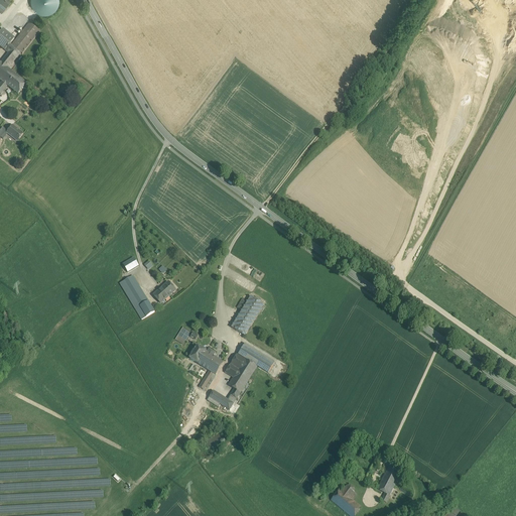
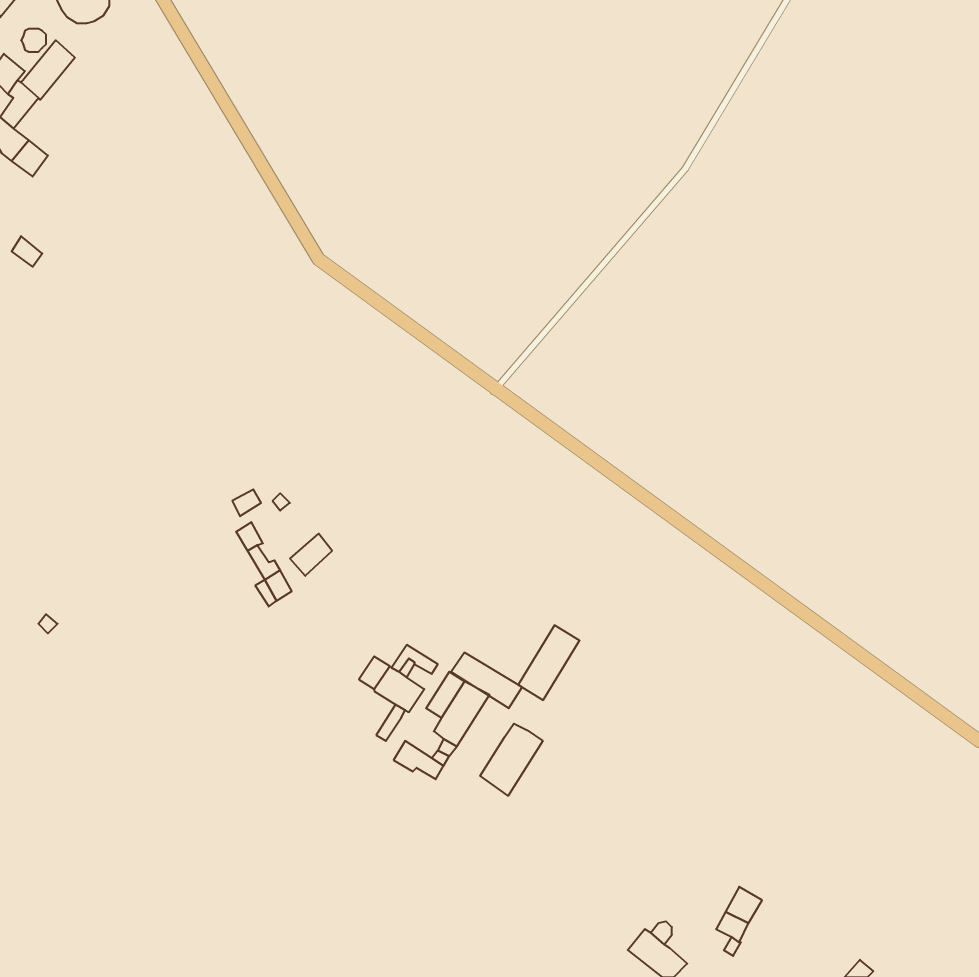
building: [231,295,263,335] -> [518,625,580,700]
building: none -> [480,724,543,796]

